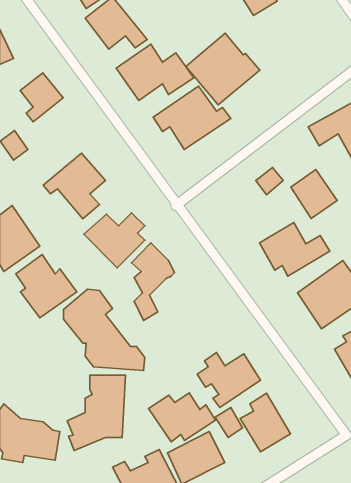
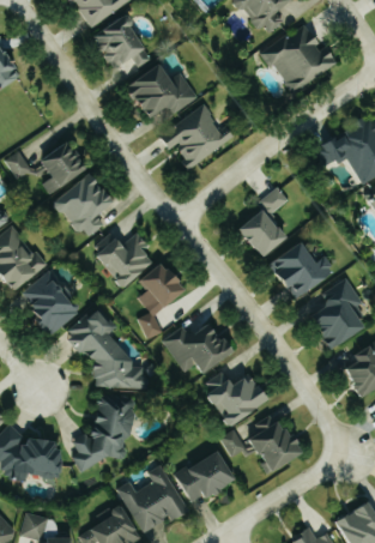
building: [186,33,260,105] -> [264,24,338,96]
building: [20,73,63,122] -> [37,144,80,193]
building: [291,169,337,218] -> [236,209,283,258]
building: [149,393,215,442] -> [164,325,231,374]

